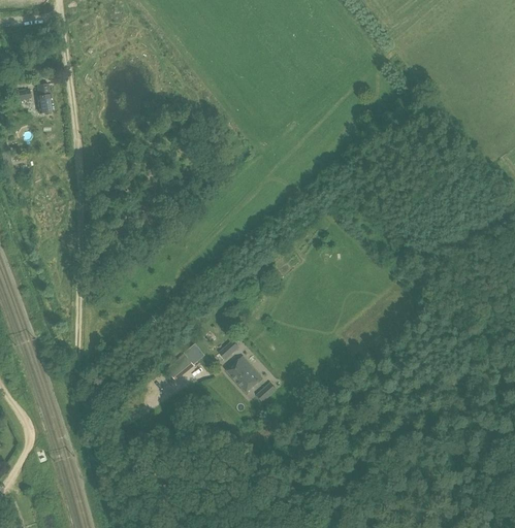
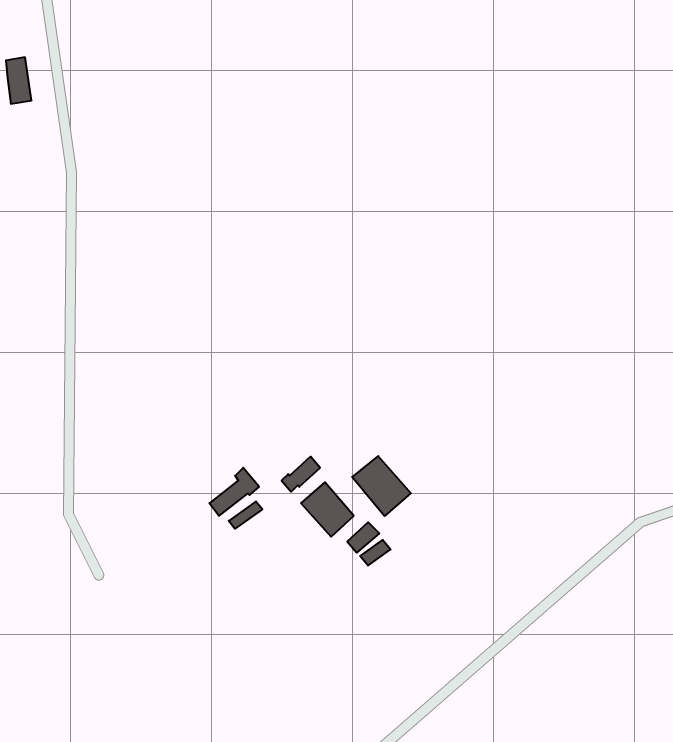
building: none -> [352,456,411,516]

